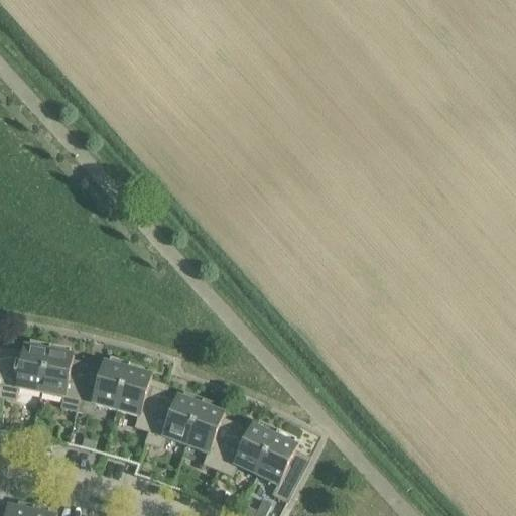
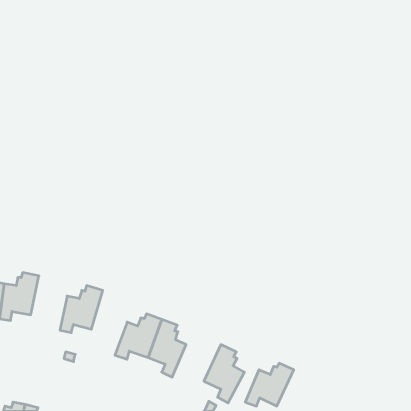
building: [38,344,84,411] -> none
building: [114,362,161,431] -> none
building: [215,421,275,475] -> [245,363,294,406]

